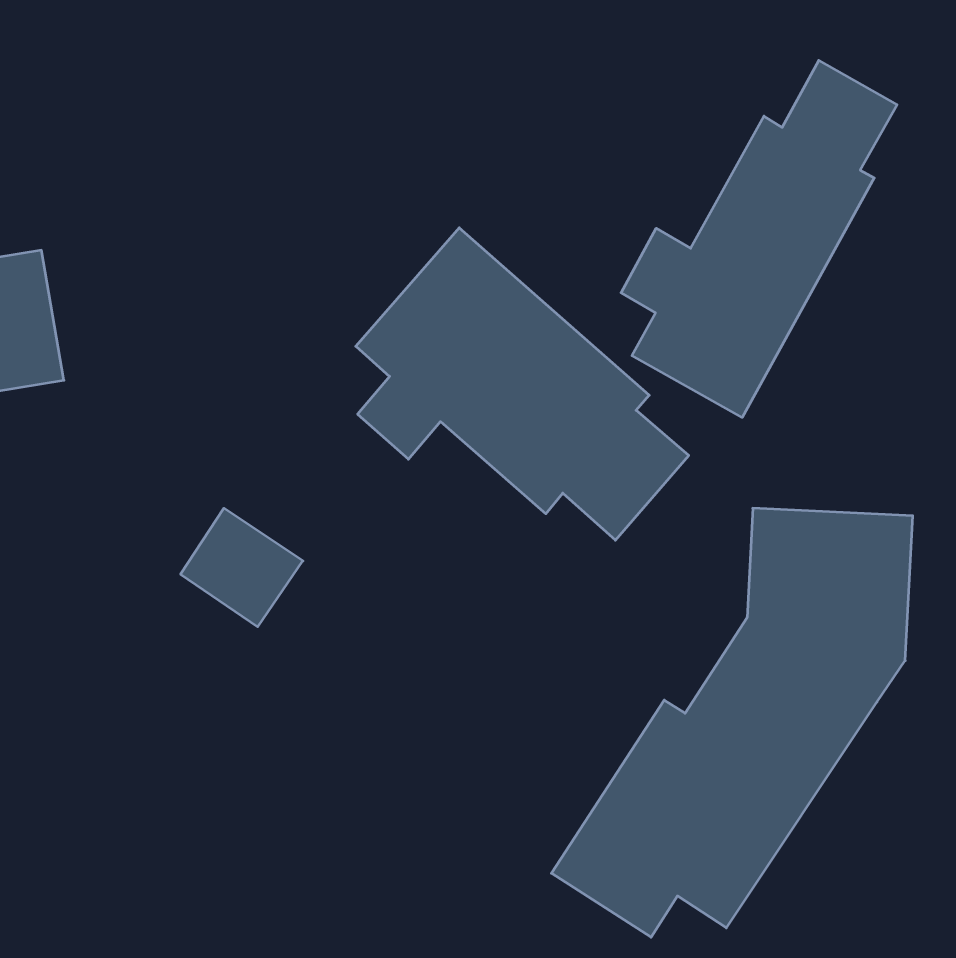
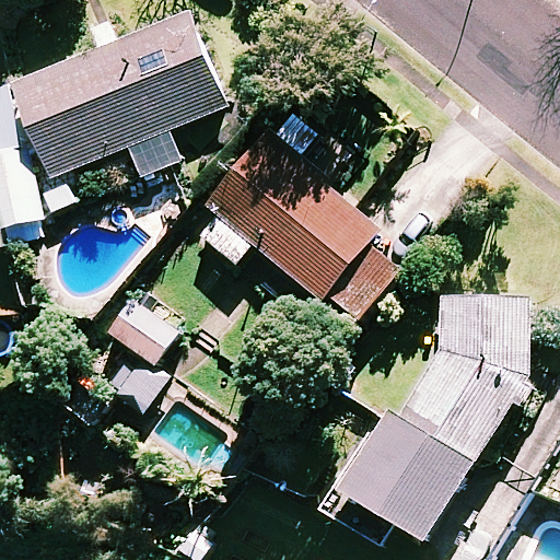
building: none -> [10,13,223,178]
building: [621,60,897,417] -> none

